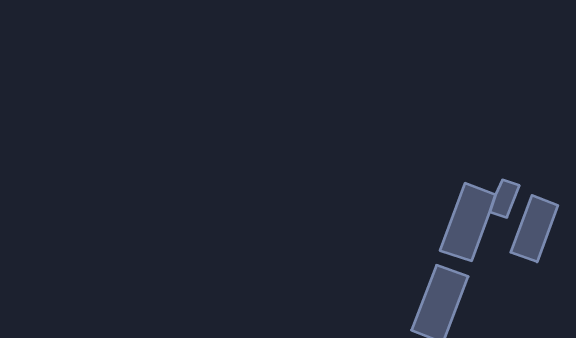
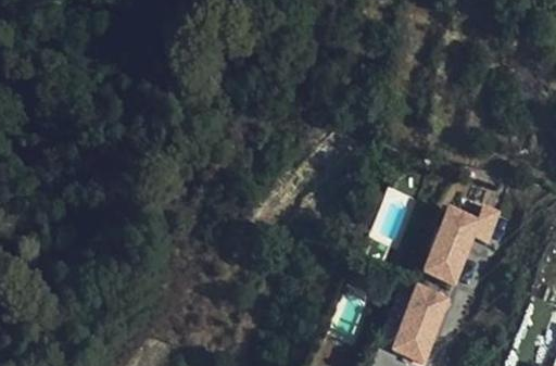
building: [511,195,558,262] -> none

